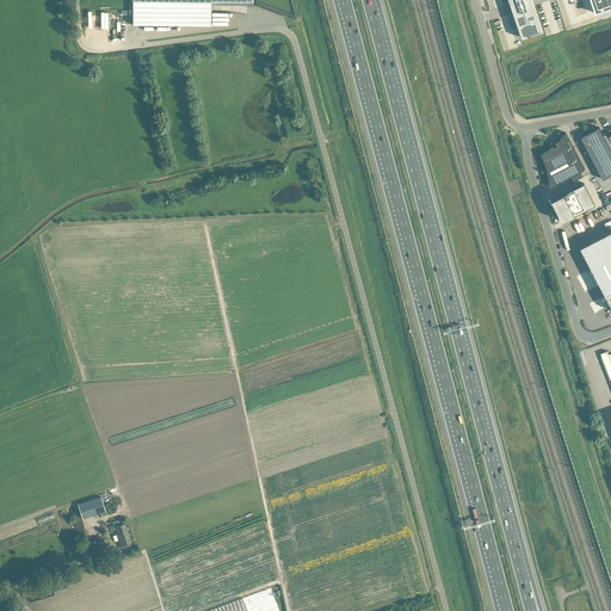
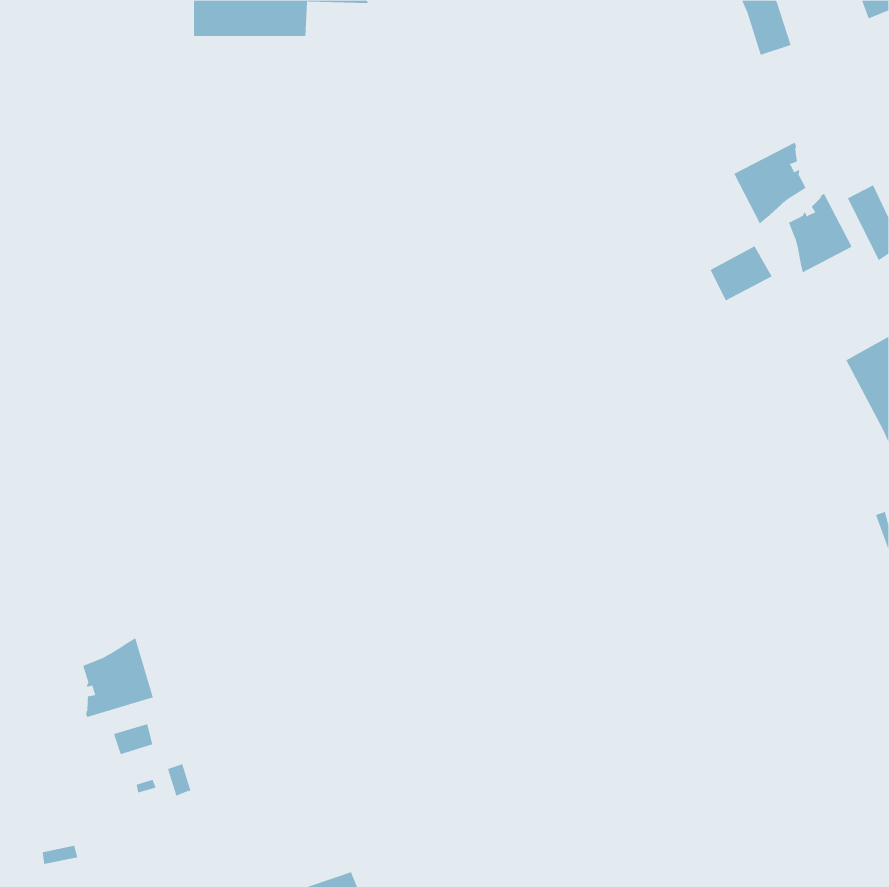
building: none -> [734,142,806,224]
building: [553,184,595,222] -> [710,245,772,301]
building: none -> [83,637,154,718]

